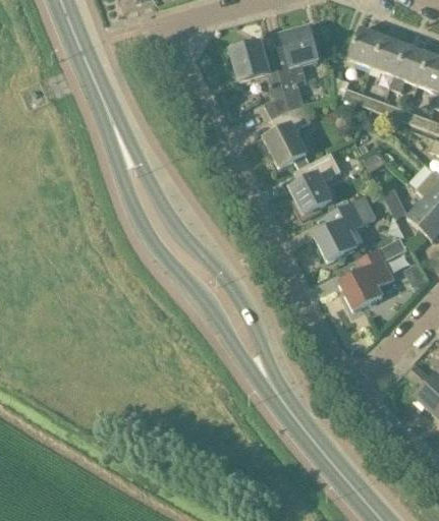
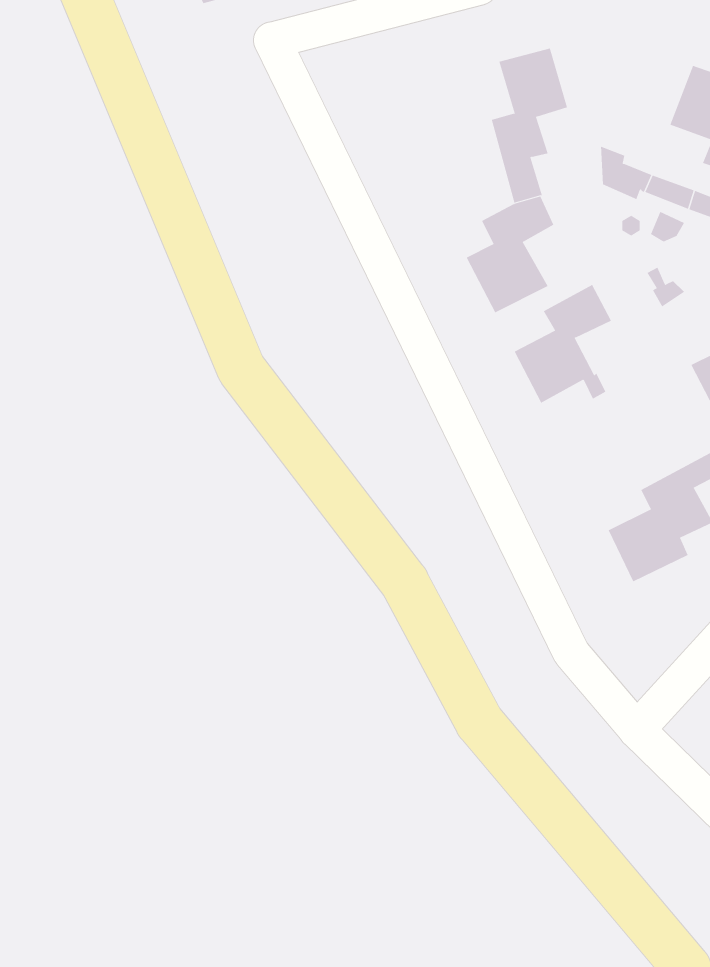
building: [348,26,384,67] -> none
building: [230,41,289,118] -> none
building: [315,194,377,260] -> none

